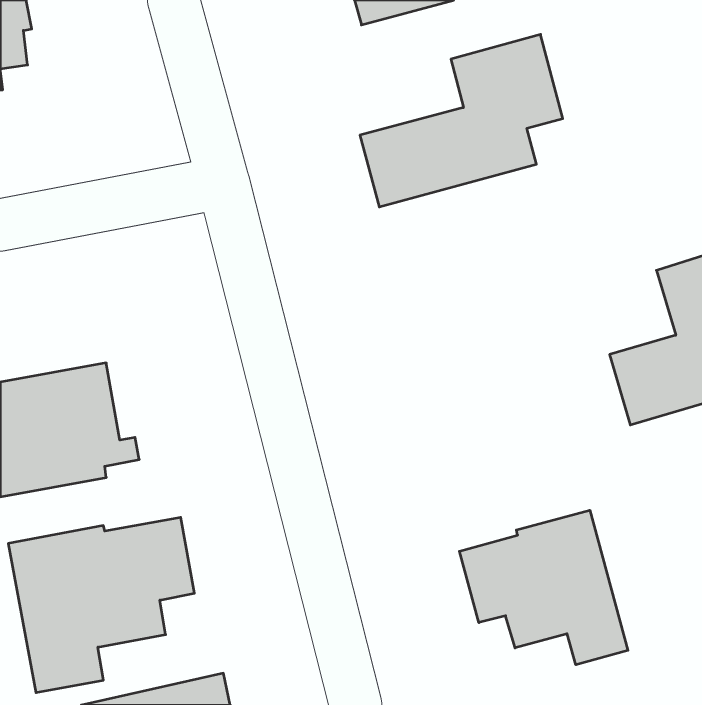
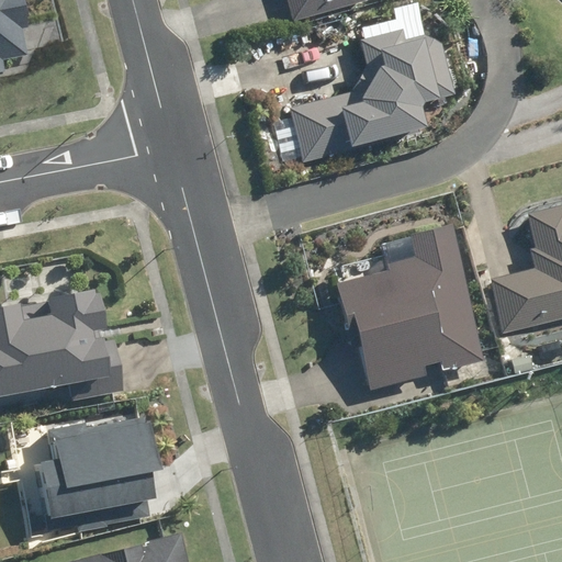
building: none -> [334,226,485,391]
building: [459,510,628,665] -> none

